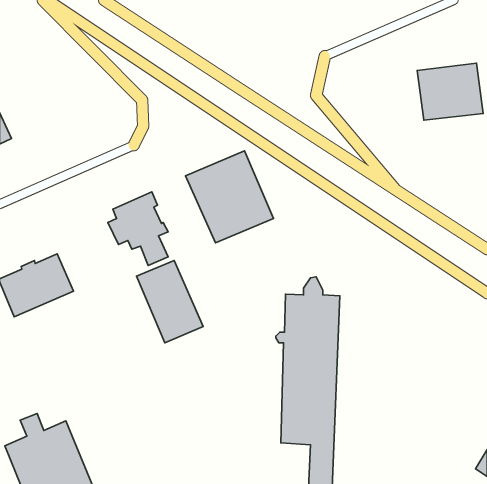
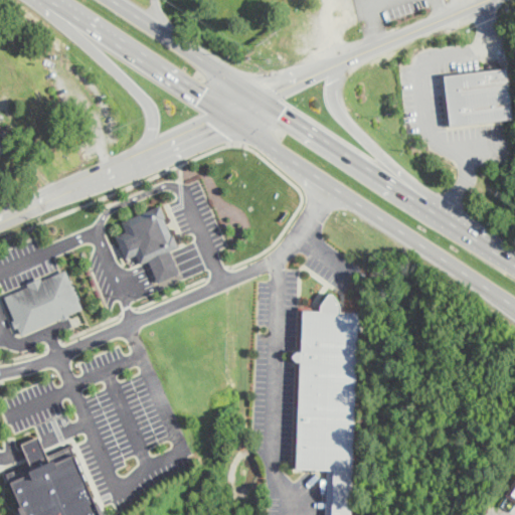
building: [185,151,273,243] -> none
building: [136,260,203,343] -> none

